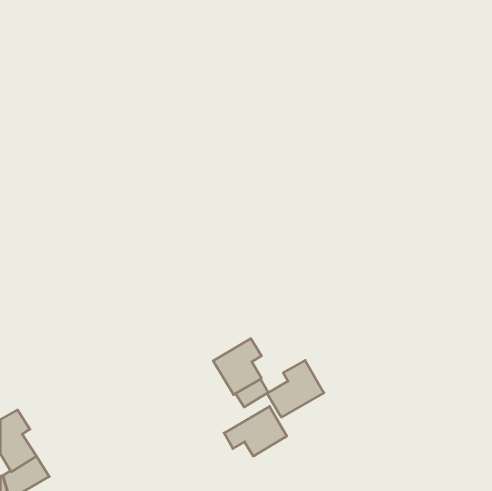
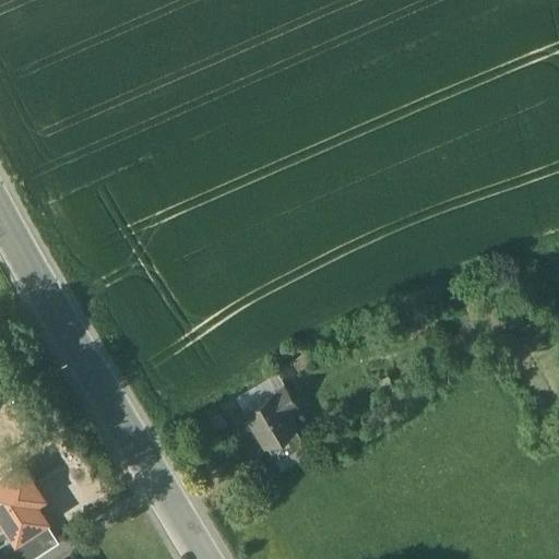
building: [267,360,324,417] -> none
building: [224,406,287,456] -> none

